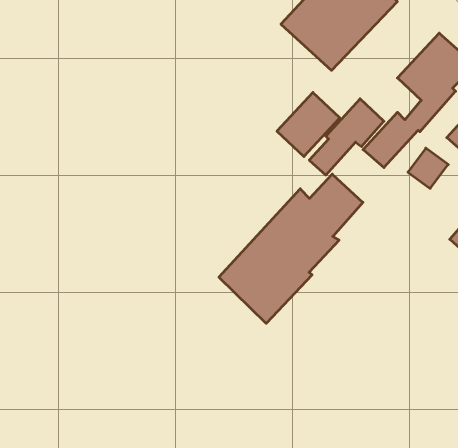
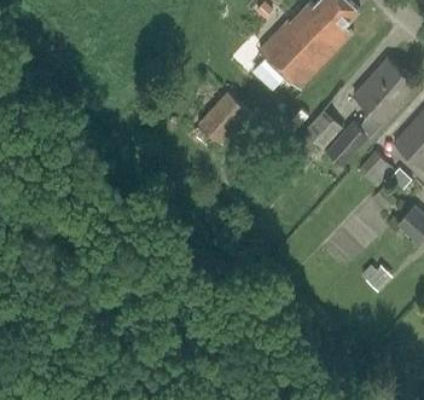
building: [277,92,340,157] -> [198,93,249,145]
building: [219,174,363,323] -> none

